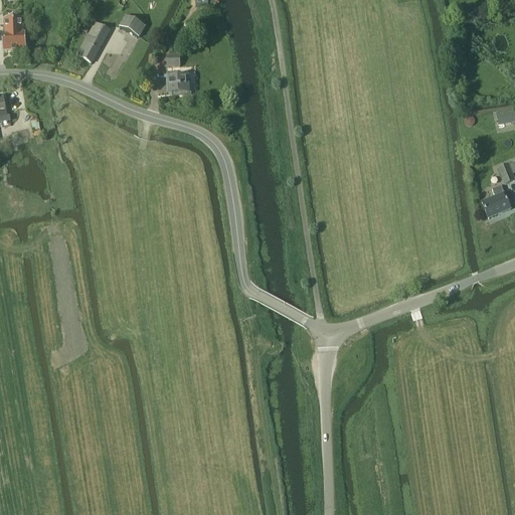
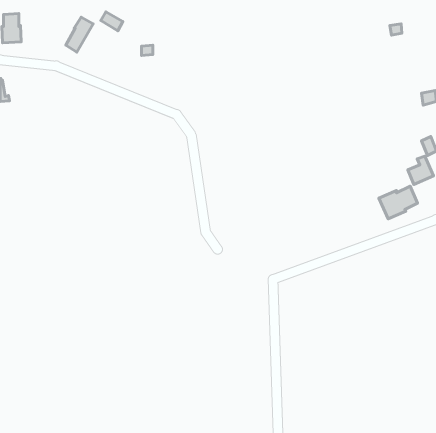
building: [167,70,188,93] -> none
building: none -> [379,186,418,219]

